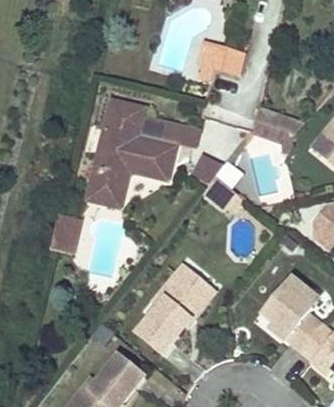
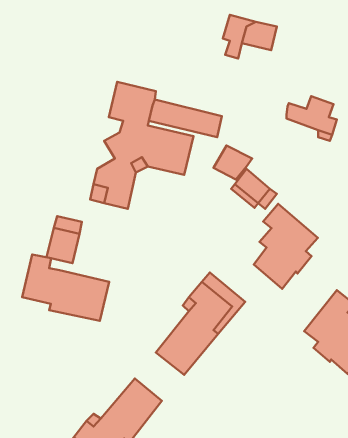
building: none -> [254,204,318,289]
building: none -> [22,254,109,321]

